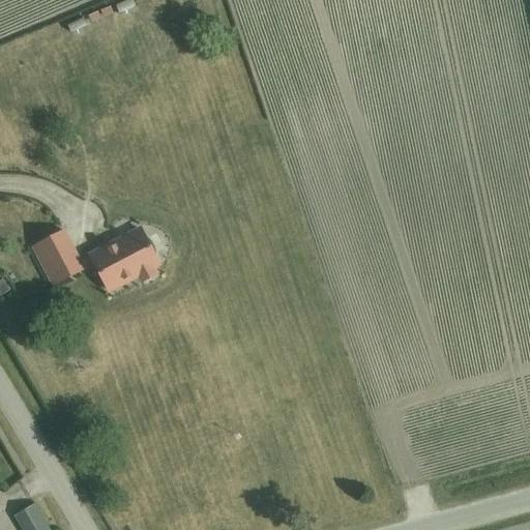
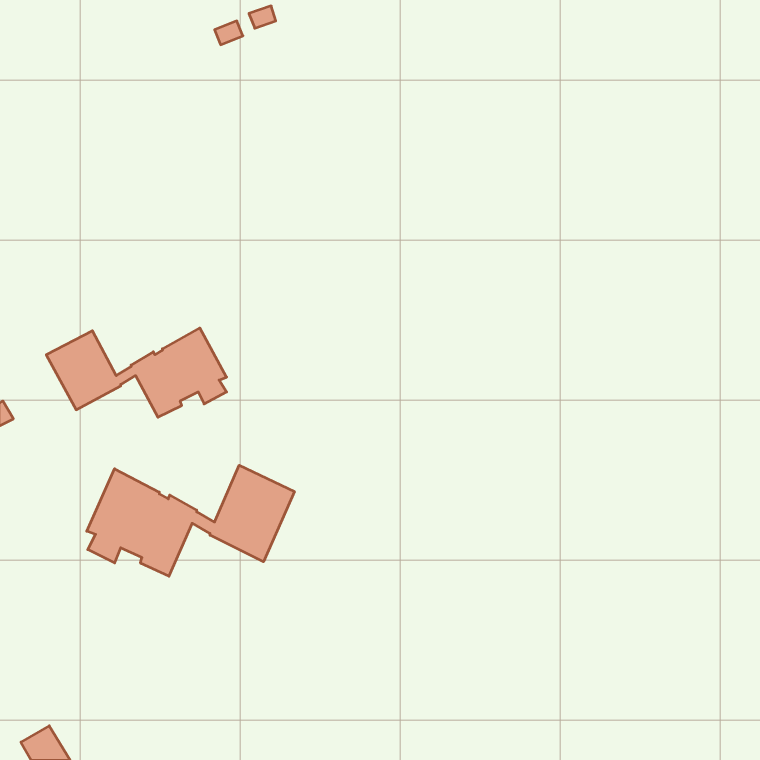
building: none -> [87,465,294,576]

